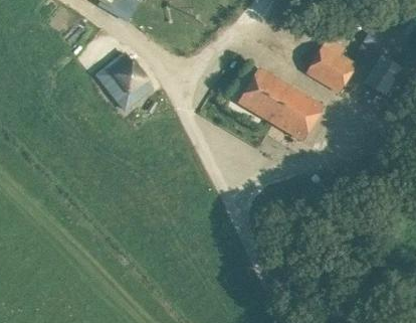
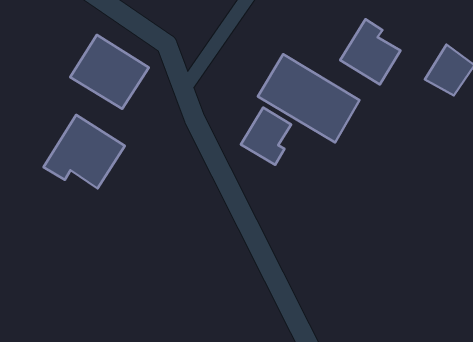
building: none -> [241,108,291,165]
building: none -> [43,115,125,189]

